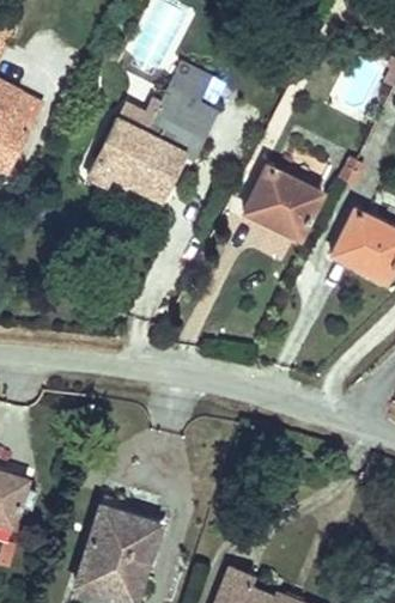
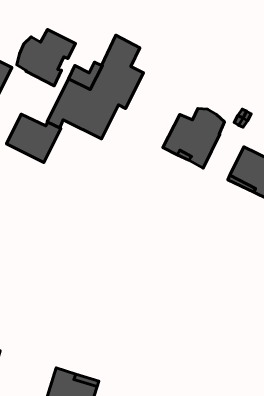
building: none -> [17,30,75,86]
building: none -> [7,114,61,162]

